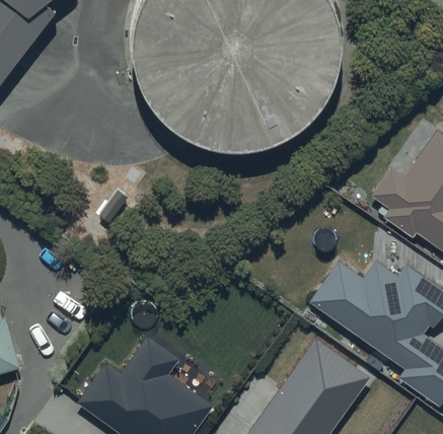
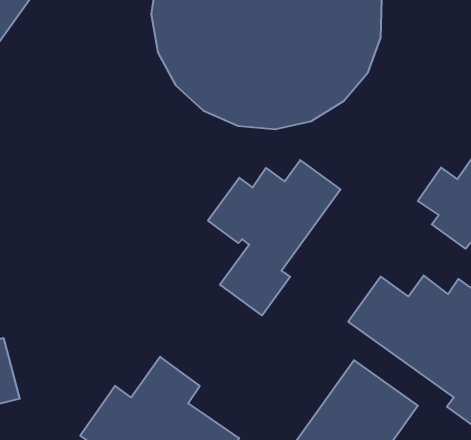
building: none -> [208,160,341,315]

